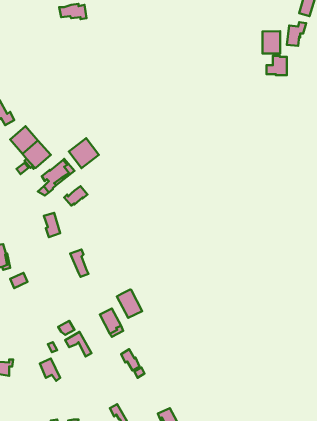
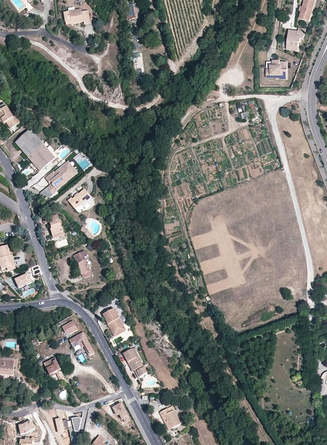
building: [262,31,280,54] -> none
building: [69,138,99,168] -> none
building: [117,289,142,318] -> none

